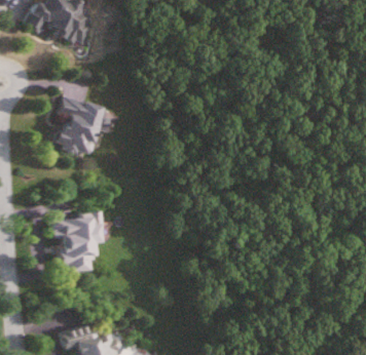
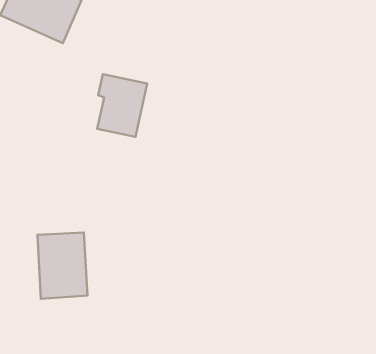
building: [54,97,99,153] -> [97,74,147,137]

